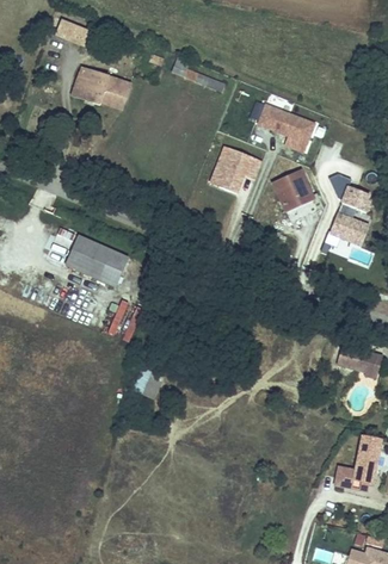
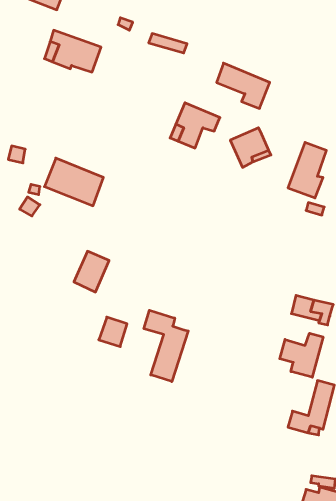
building: [64,241,127,291] -> [44,158,103,206]
building: none -> [144,310,188,382]
building: none -> [280,333,323,377]

